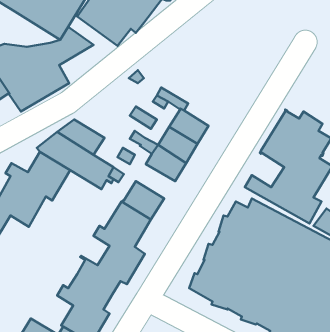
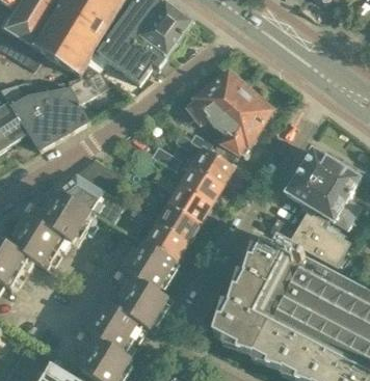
building: none -> [180,71,270,154]
building: none -> [157,205,197,240]

